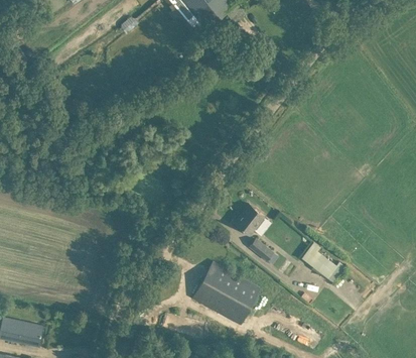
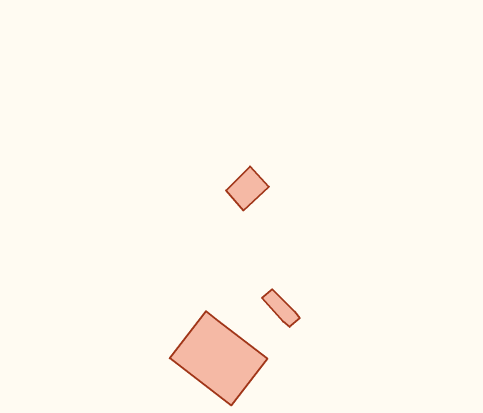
building: [235,204,264,235] -> [226,166,269,210]
building: [308,251,337,277] -> none

